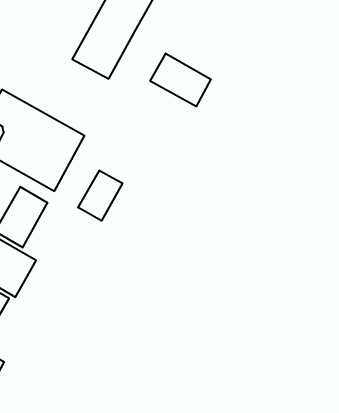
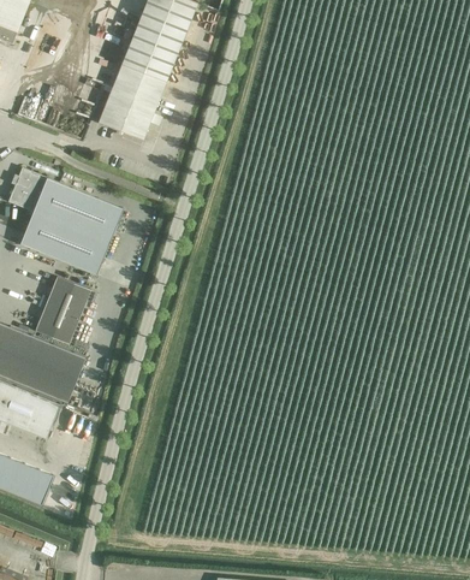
building: [150,53,211,106] -> none
building: [78,170,122,221] -> none

